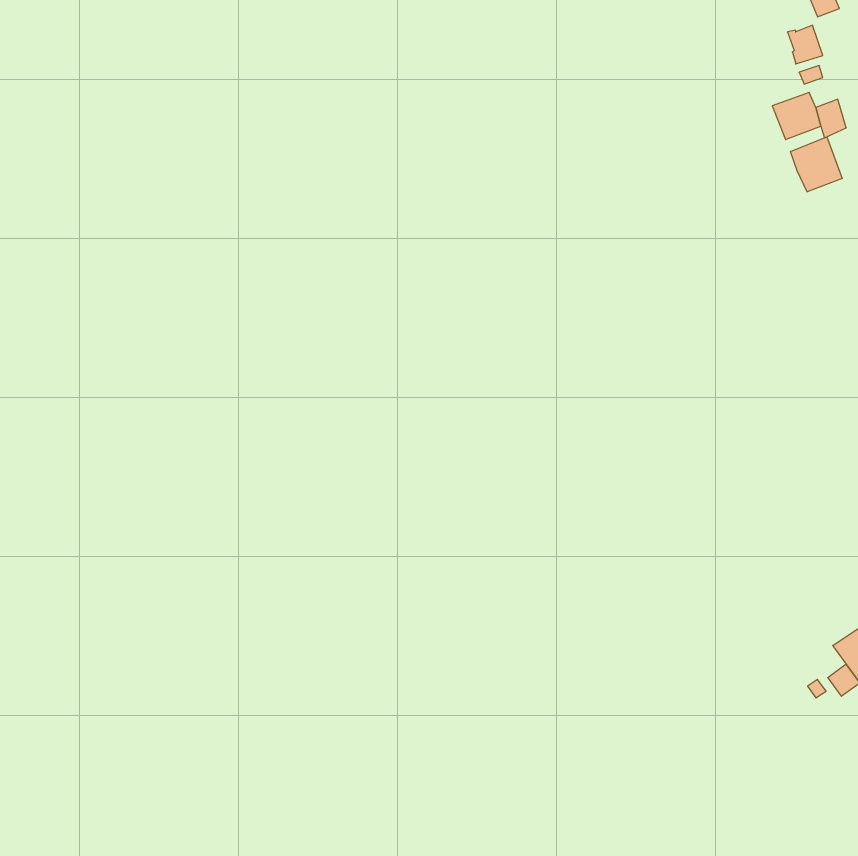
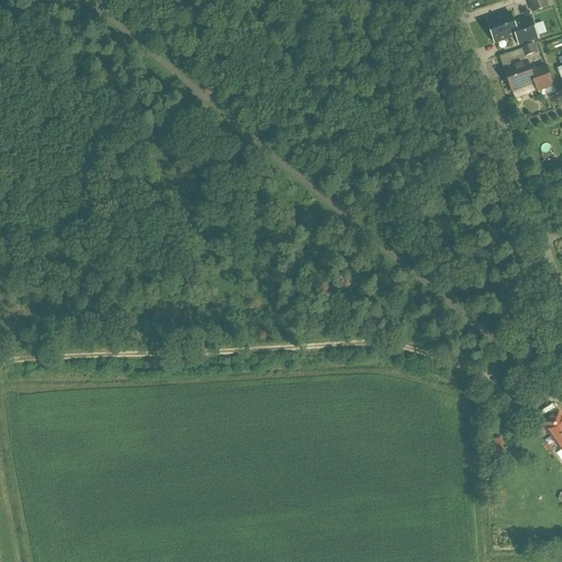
building: none -> [488,11,519,42]
building: [791,137,842,192] -> none

